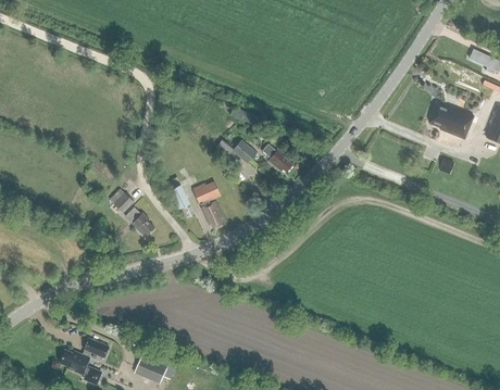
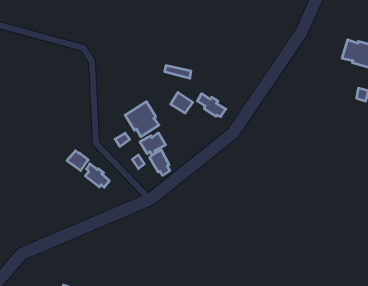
building: none -> [125,102,159,137]

